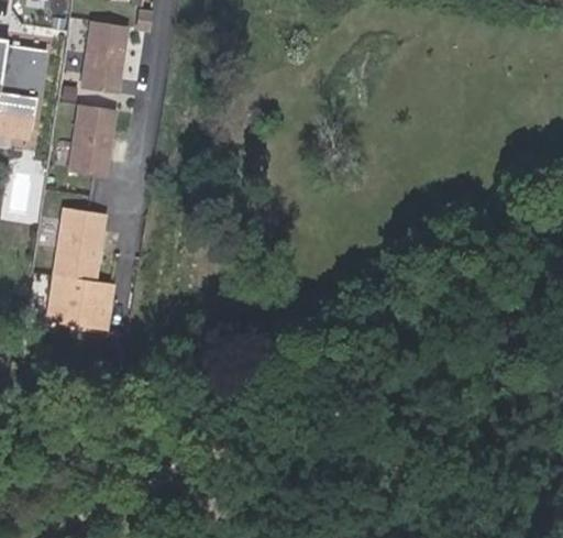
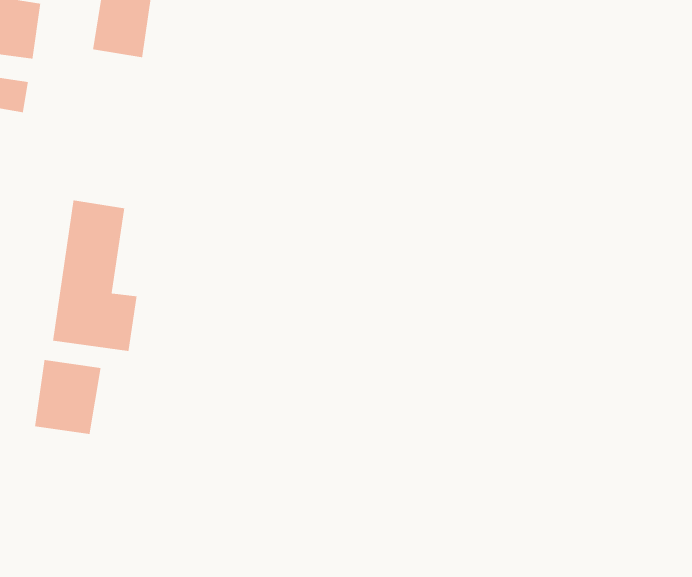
building: [68,103,119,177] -> none
building: none -> [34,359,101,435]

